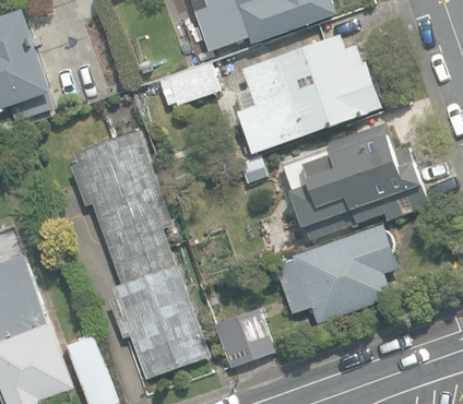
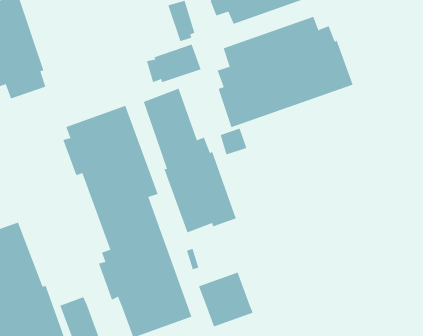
building: none -> [143,88,236,233]
building: [281,124,429,240] -> none
building: [274,223,397,324] -> none

